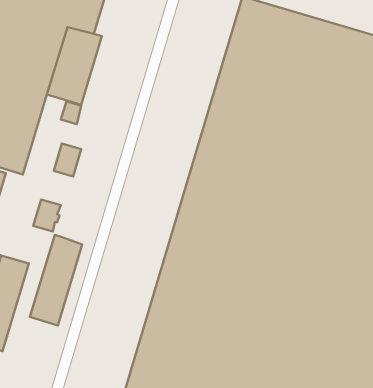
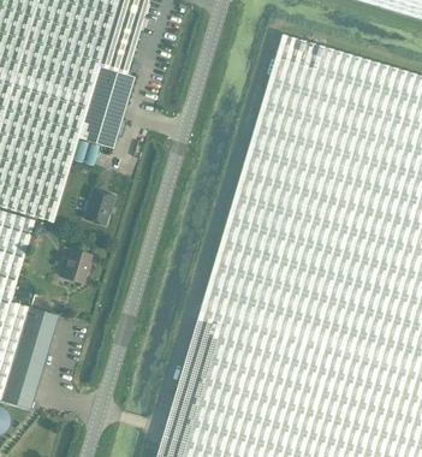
building: [30,235,82,325] -> none

